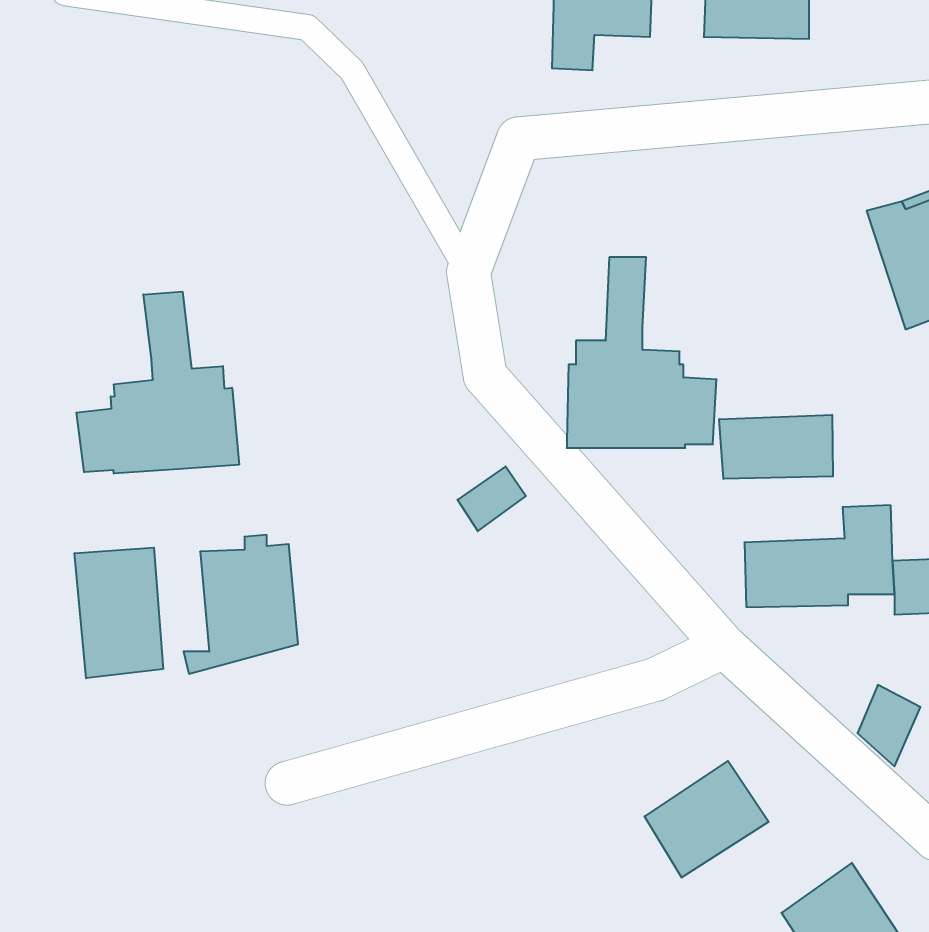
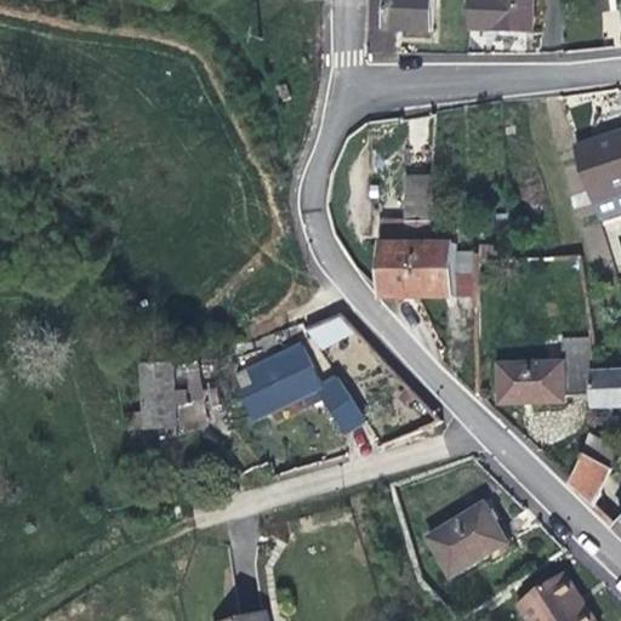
building: [76,292,239,474] -> none
building: [719,415,833,479] -> none
building: none -> [230,344,360,438]
building: [75,548,163,678] -> none

